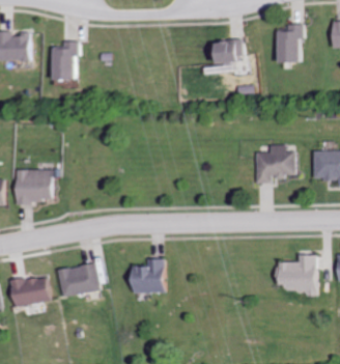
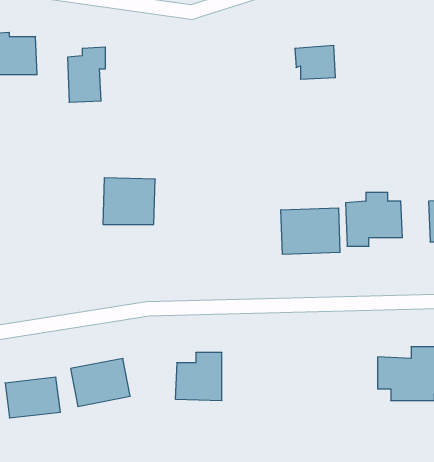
building: [278,25,305,63] -> none
building: none -> [281,208,340,254]
building: [16,170,53,203] -> [103,178,155,224]

